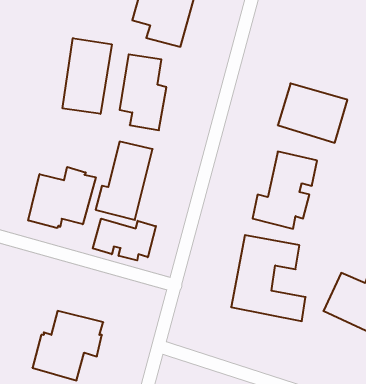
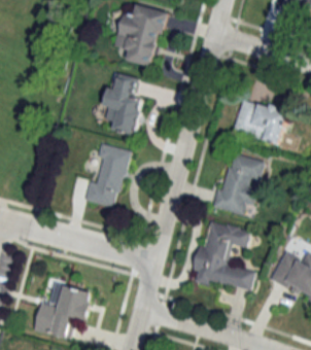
building: [63,38,112,114] -> none
building: [28,167,96,228] -> none
building: [93,219,156,260] -> none

